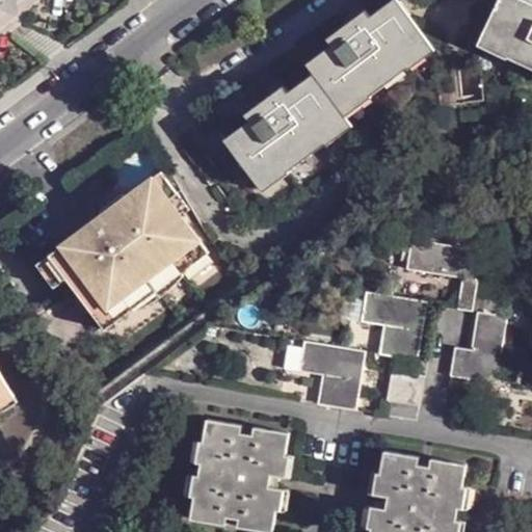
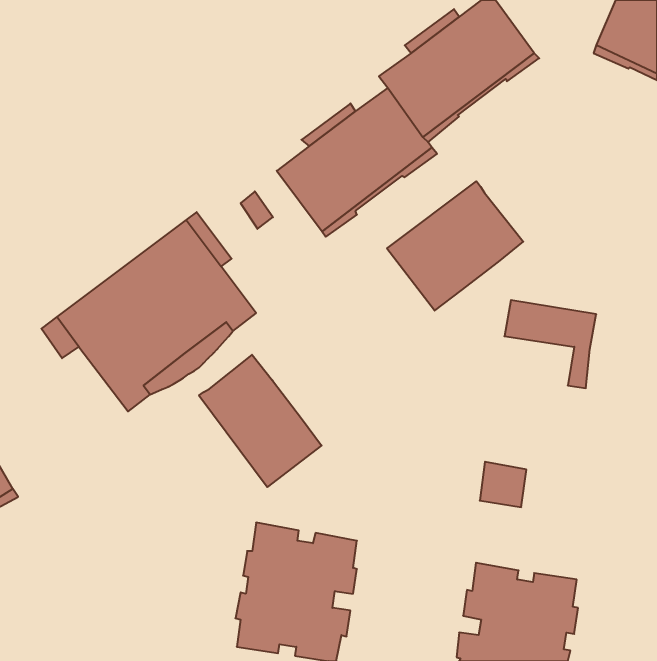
building: none -> [387,181,523,311]
building: none -> [199,355,322,487]
building: [360,293,425,361] -> none
building: [449,313,505,383] -> none
building: [299,343,364,410] -> none

